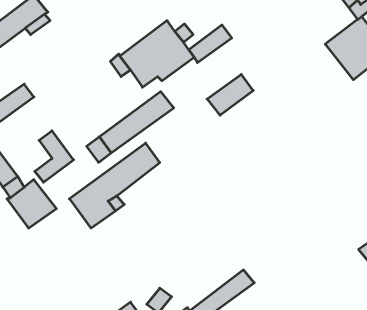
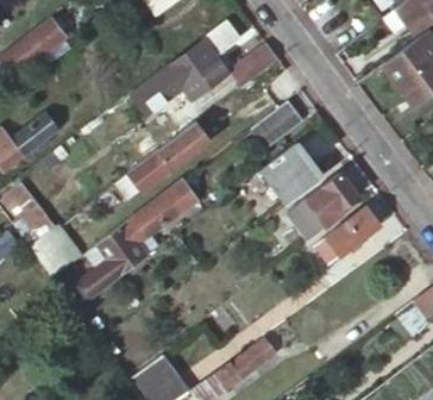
building: none -> [263,142,322,202]
building: [35,131,74,182] -> [79,239,121,296]
building: none -> [289,171,358,237]
building: none -> [313,205,379,263]

